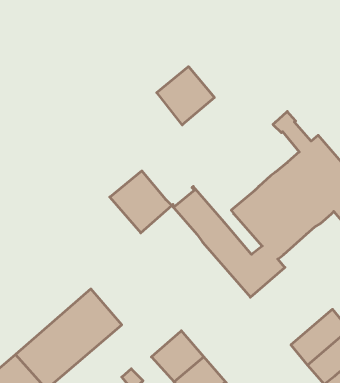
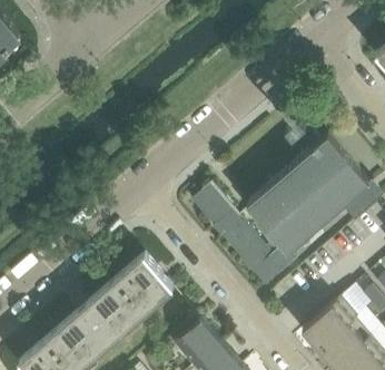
building: [157,67,214,125] -> none
building: [110,171,172,233] -> [116,255,174,313]

